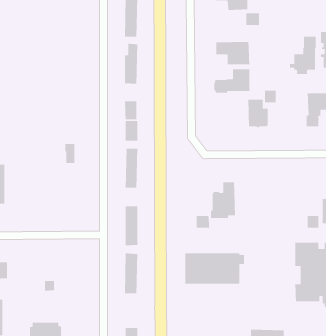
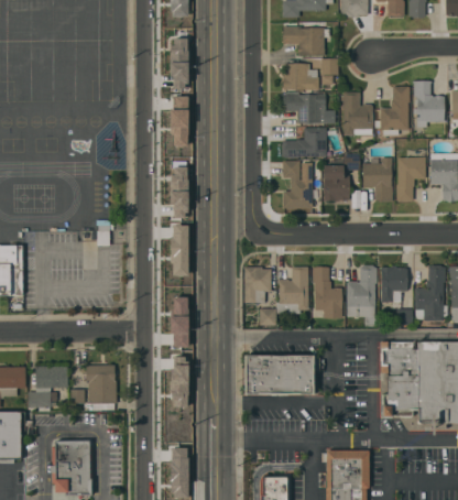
building: none -> [282,63,318,89]
building: none -> [342,91,372,134]
building: none -> [362,156,392,200]
building: none -> [283,160,312,208]
building: none -> [347,265,377,326]
building: none -> [244,267,271,302]
building: none -> [313,267,341,317]
building: none -> [381,267,406,302]
building: none -> [85,365,117,410]
building: none -> [29,366,67,411]

